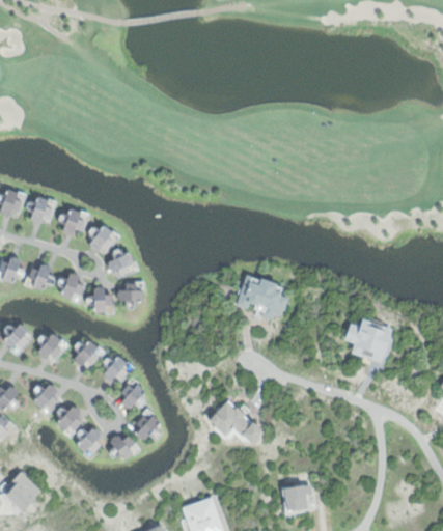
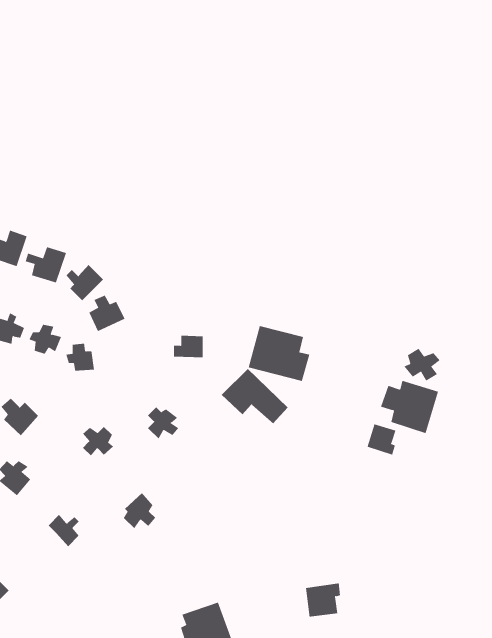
building: [116,281,141,300] -> [173,335,204,358]
building: none -> [403,348,440,382]
building: [74,340,102,370] -> none
building: none -> [367,424,396,456]
building: [120,382,146,409] -> [147,406,179,440]
building: [209,400,264,446] -> [221,368,289,424]
building: [55,407,82,436] -> none
building: [108,432,138,458] -> none

